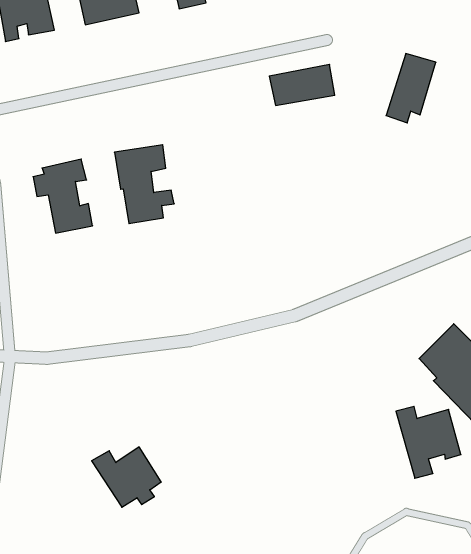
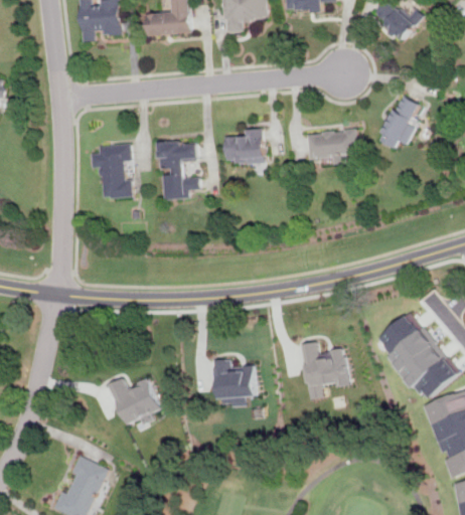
building: [269,64,335,105] -> [306,129,356,156]
building: none -> [223,128,264,164]
building: [396,406,461,478] -> [301,342,348,399]
building: none -> [214,359,255,406]

